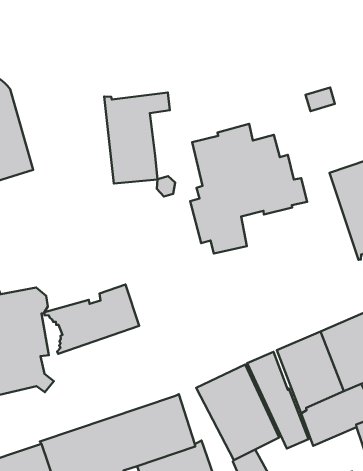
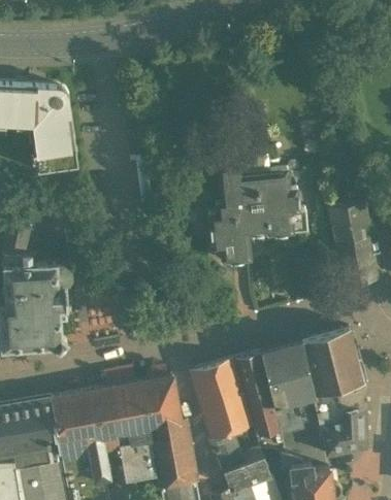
building: [104,92,170,184] -> none
building: [44,284,139,354] -> none

